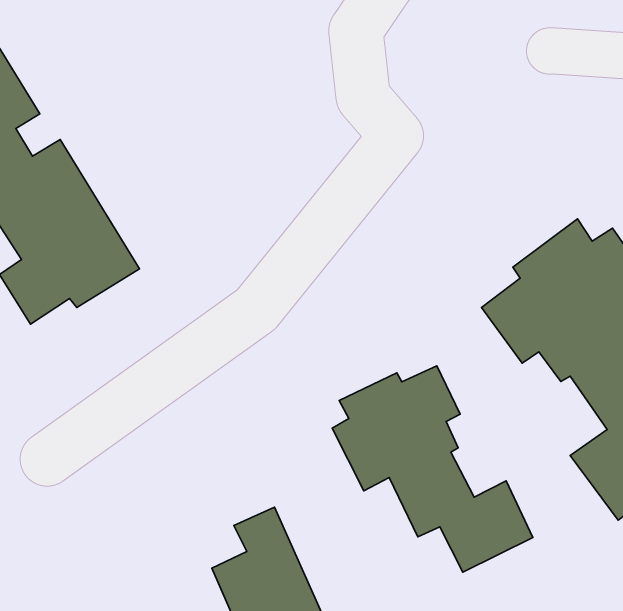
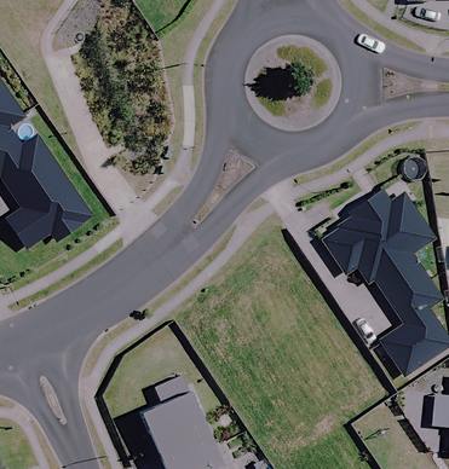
building: [332,366,533,572] -> none

